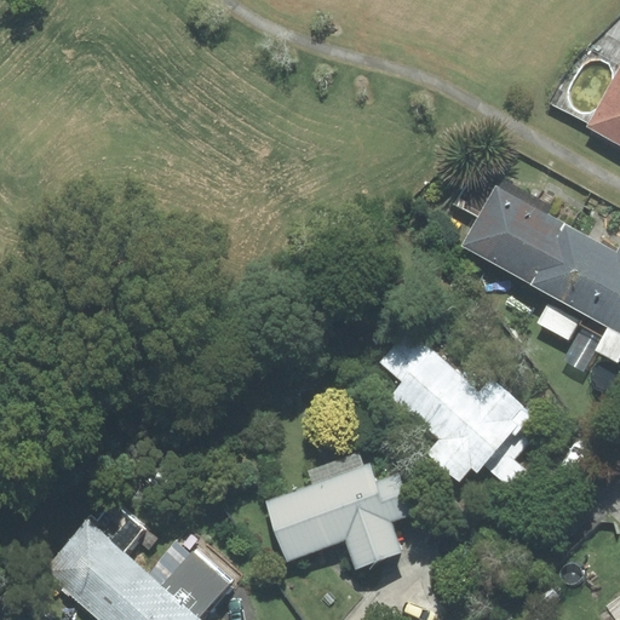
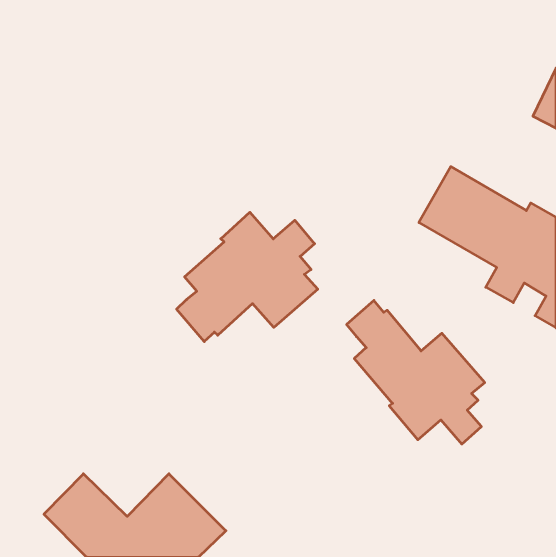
building: none -> [177,212,318,342]
building: [263,453,418,574] -> none

